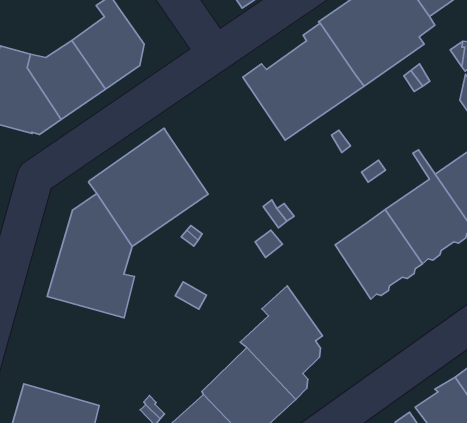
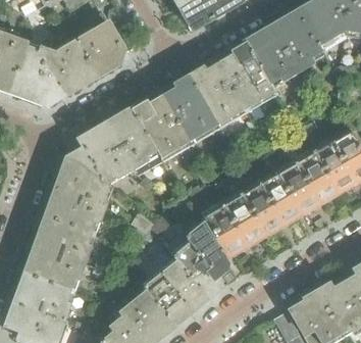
building: none -> [135,77,215,154]
building: none -> [207,195,265,256]
building: none -> [25,215,106,292]

